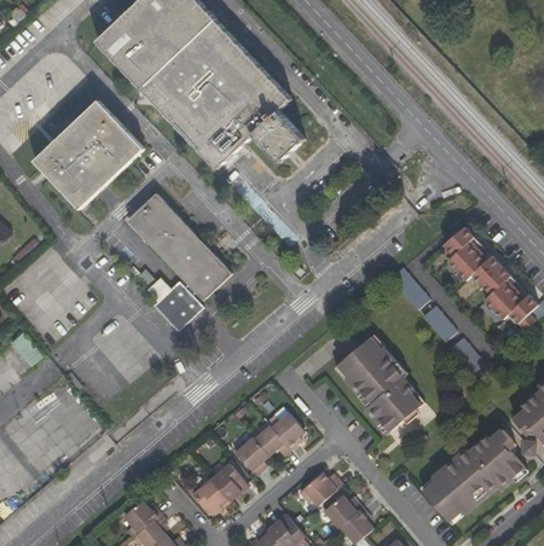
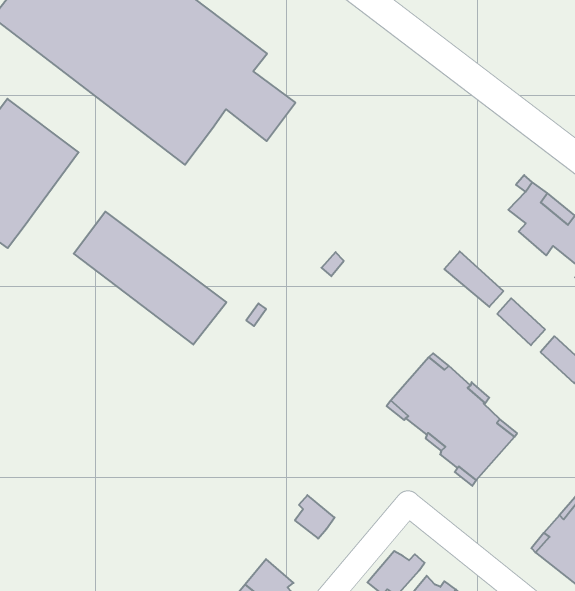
building: [145,277,201,331] -> none
building: [265,413,303,448] -> none
building: [231,437,267,475] -> none

